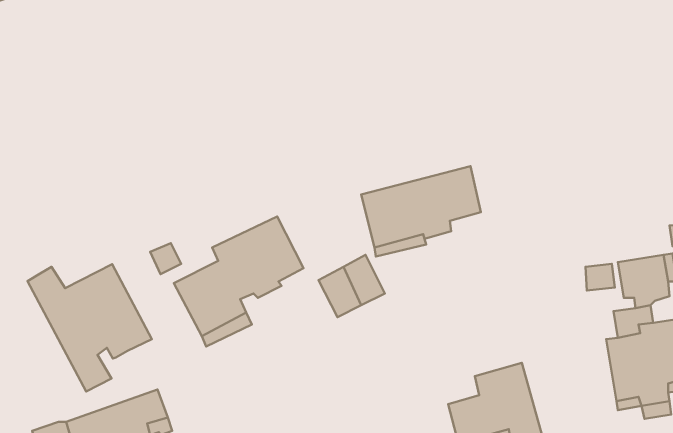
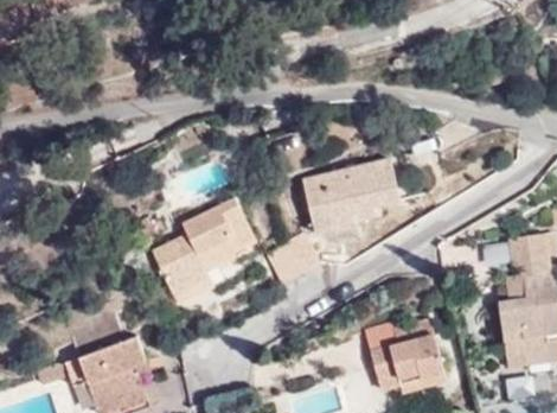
building: [28,264,152,391] -> none

